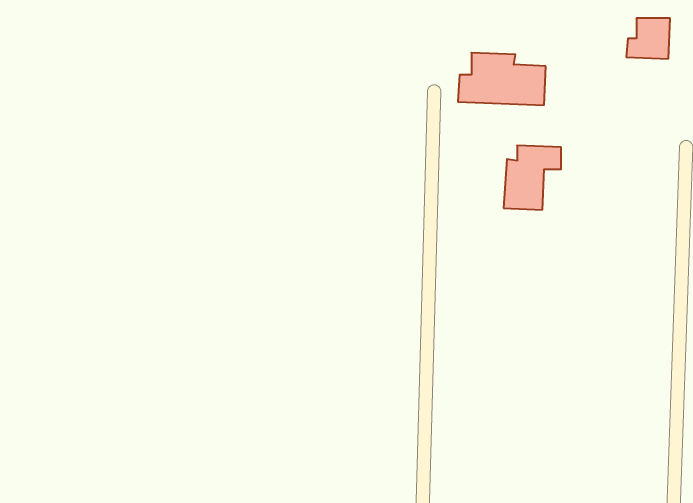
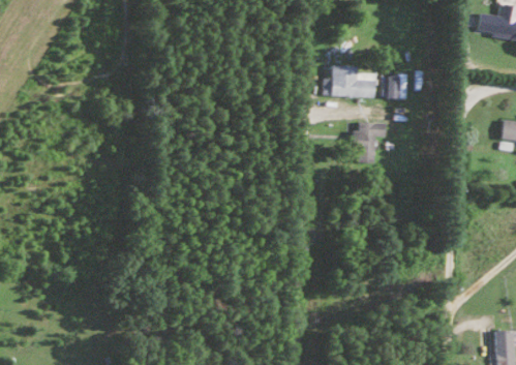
building: [626,18,670,59] -> [380,74,406,99]

